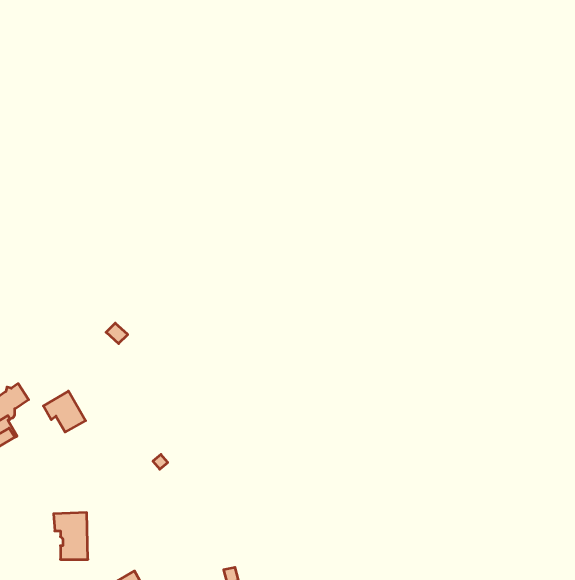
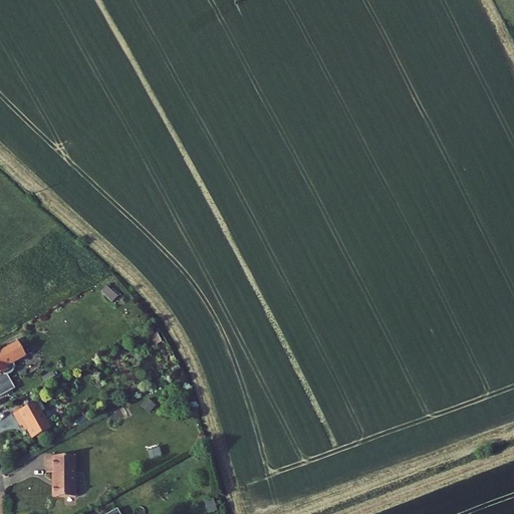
building: [43,391,86,432] -> [14,400,51,436]

